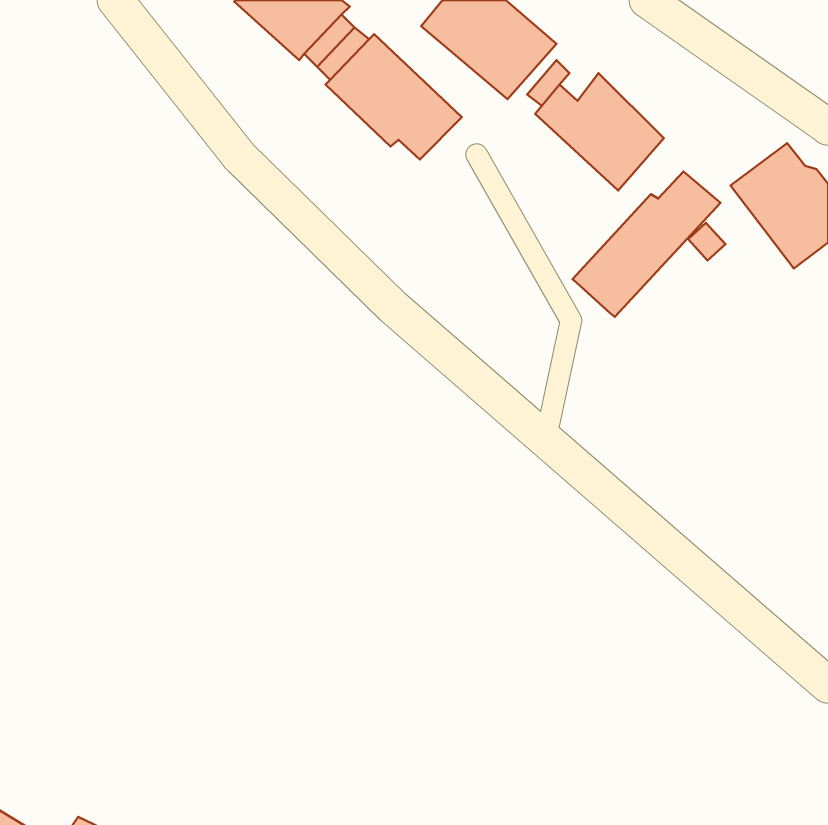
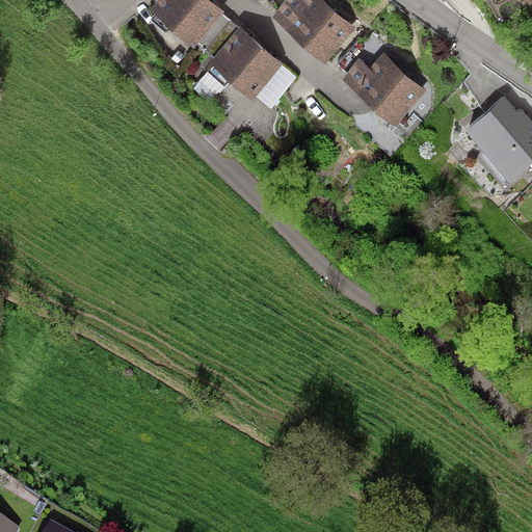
building: [572,171,720,317] -> none

